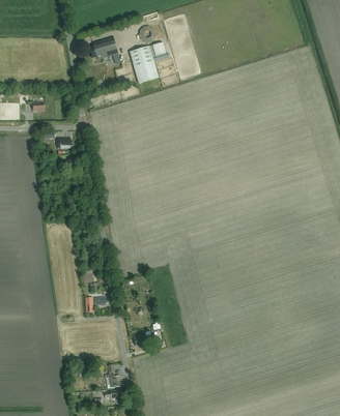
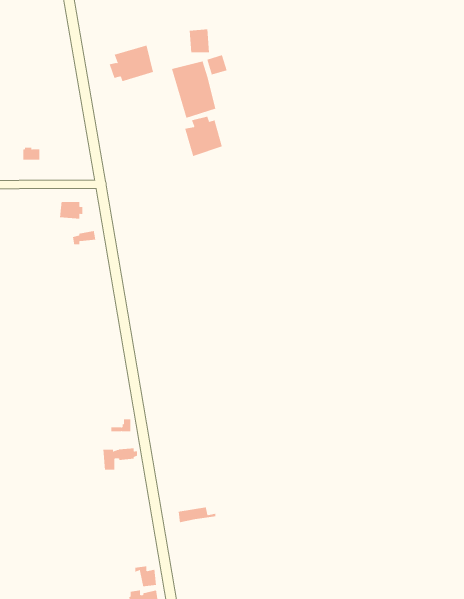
building: none -> [184,116,222,157]

